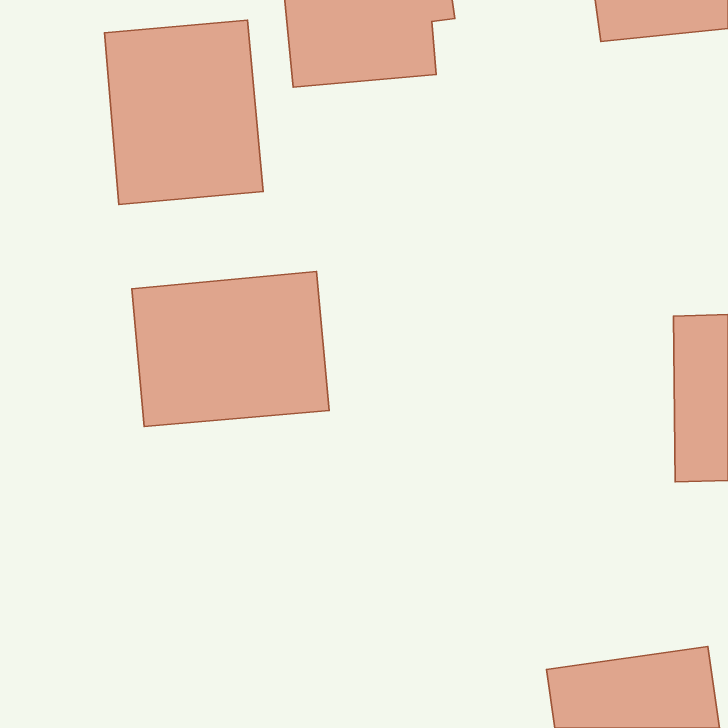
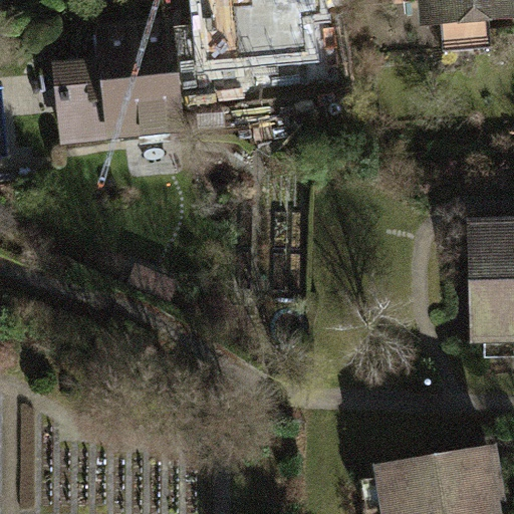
building: [132,271,329,427] -> none

